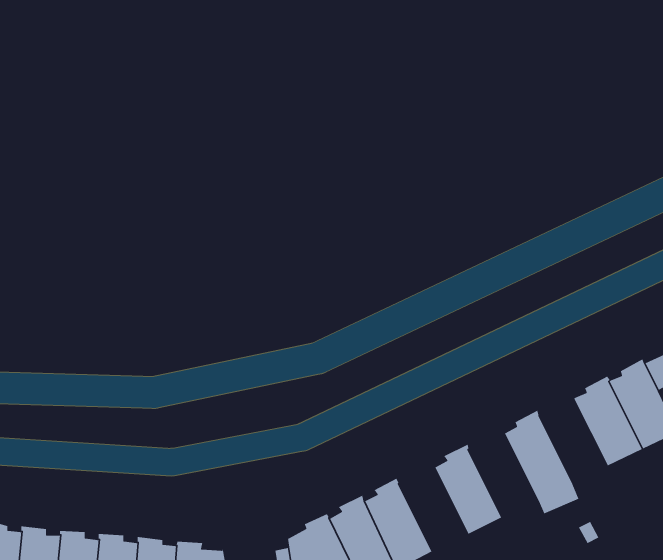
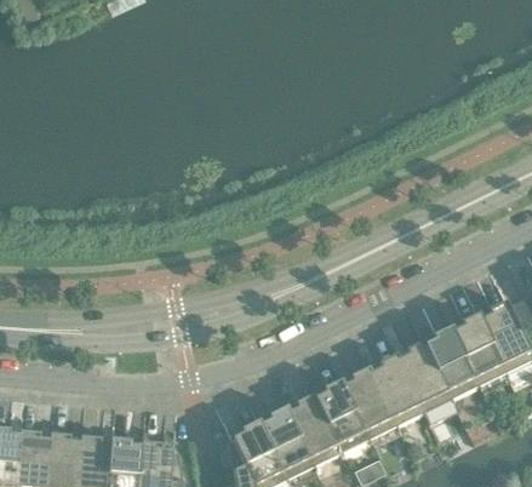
building: none -> [424,327,477,399]
building: none -> [368,354,423,425]
building: none -> [314,380,368,452]

